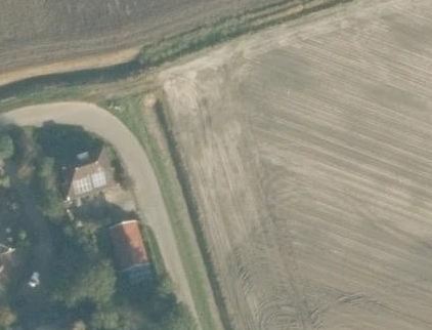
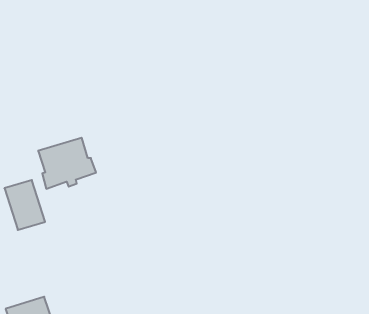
building: [106,221,147,272] -> [4,180,45,230]

